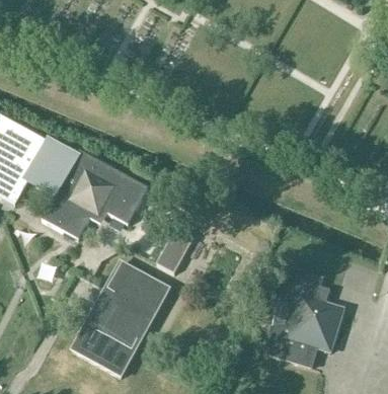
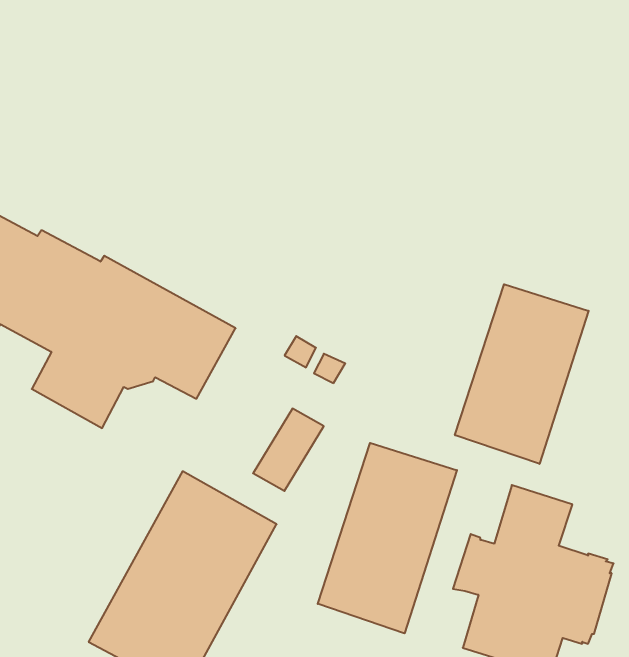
building: none -> [455,284,589,464]
building: none -> [318,443,457,633]

